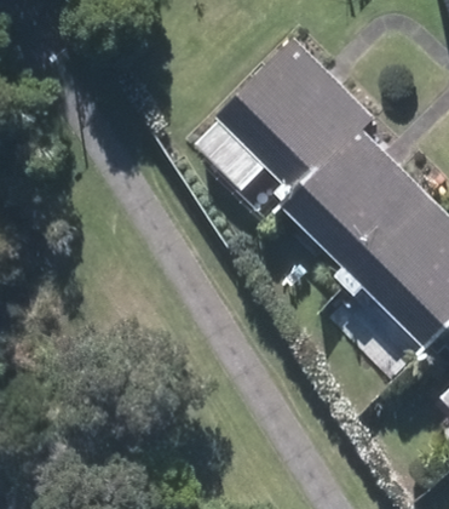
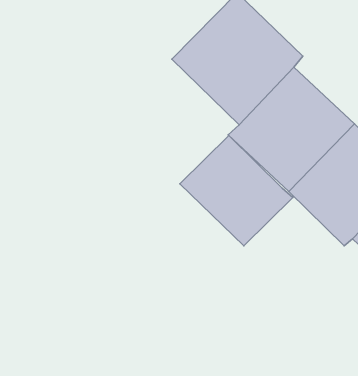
building: none -> [180,136,293,246]

